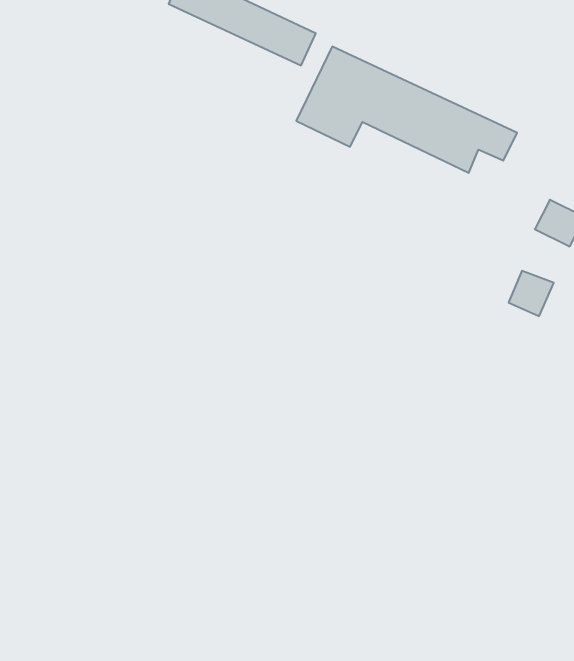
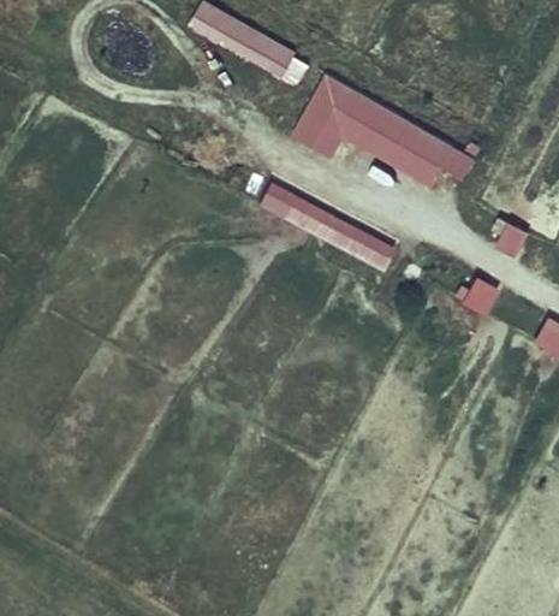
building: none -> [256,182,398,272]

